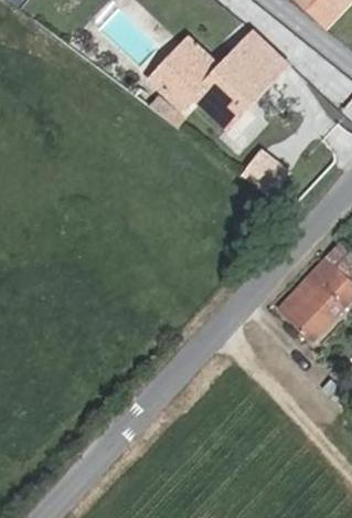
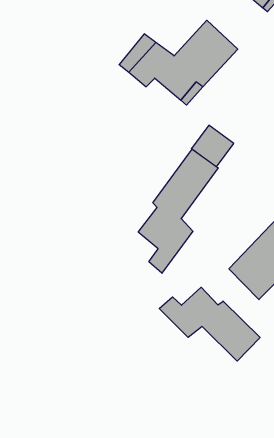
building: none -> [138,149,218,273]
building: none -> [159,287,260,361]

